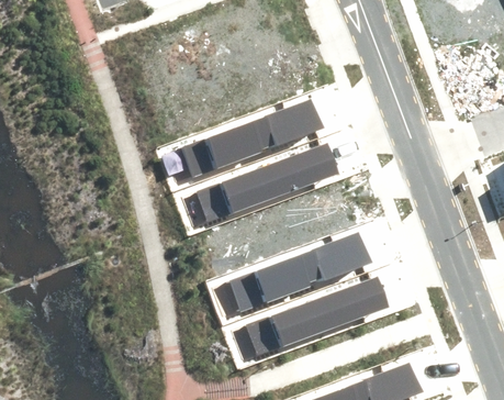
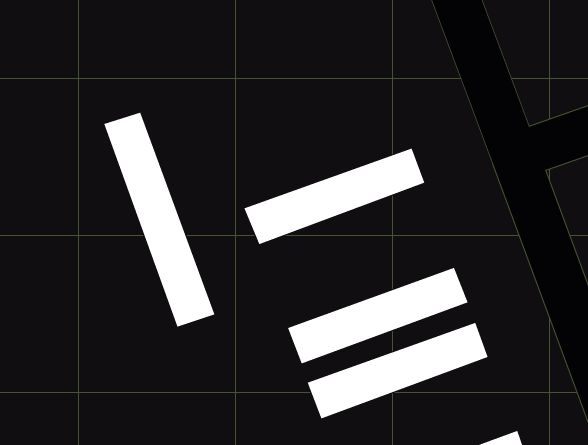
building: [180,98,322,175] -> none
building: none -> [104,112,215,328]

